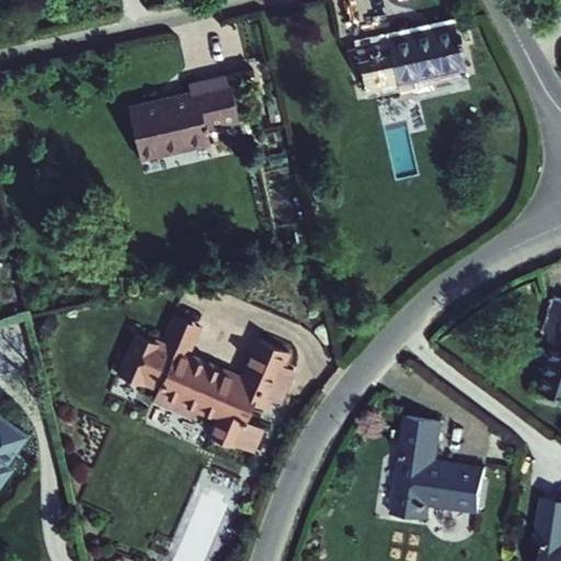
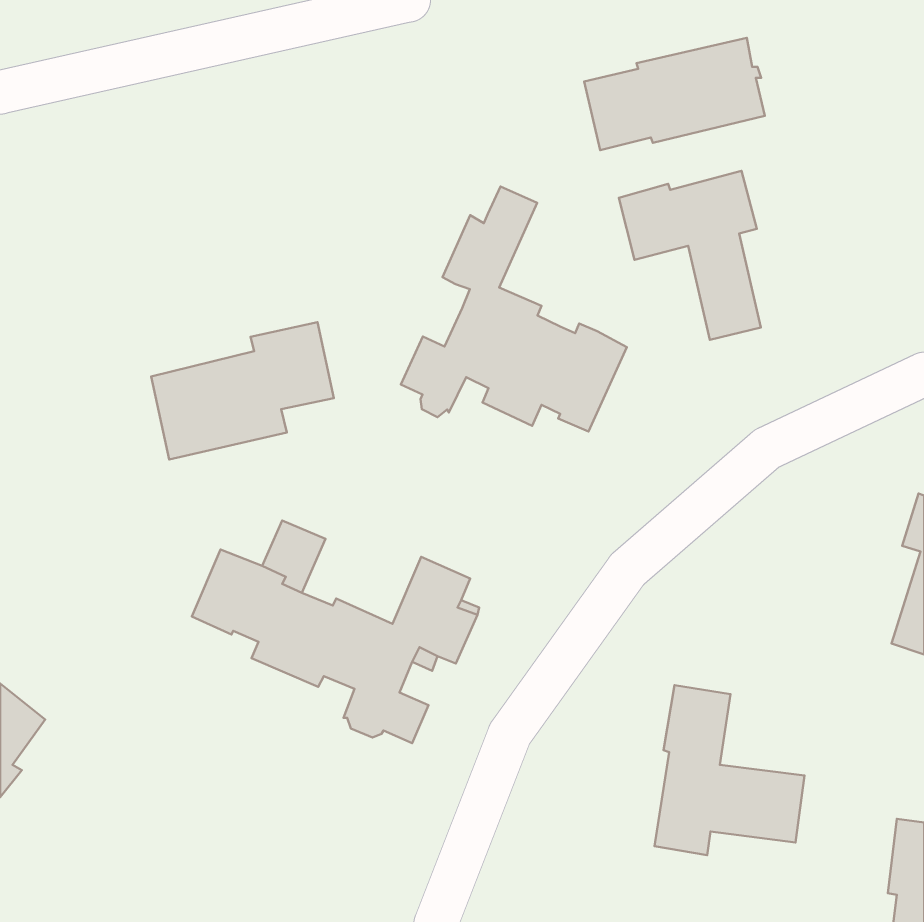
building: [128,76,239,159] -> [151,322,334,460]
building: none -> [619,171,761,340]
building: none -> [401,187,627,432]

